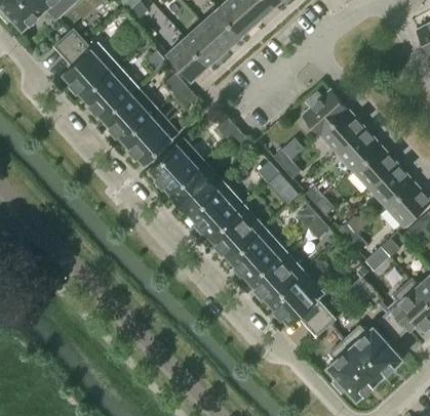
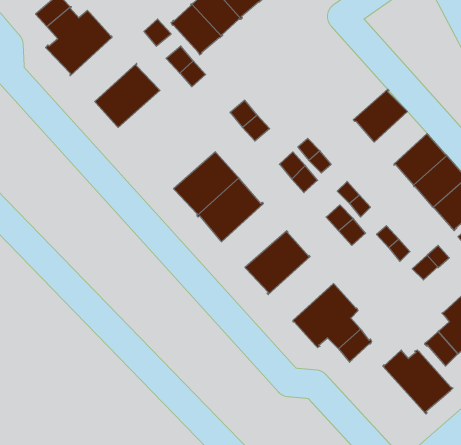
building: [83,67,139,120] -> none
building: [302,90,348,135] -> none
building: [123,111,179,164] -> none
building: [337,128,381,172] -> none
building: [149,138,204,193] -> none
building: [209,205,264,258] -> none
building: [248,249,303,302] -> none
building: [327,340,380,401] -> none

